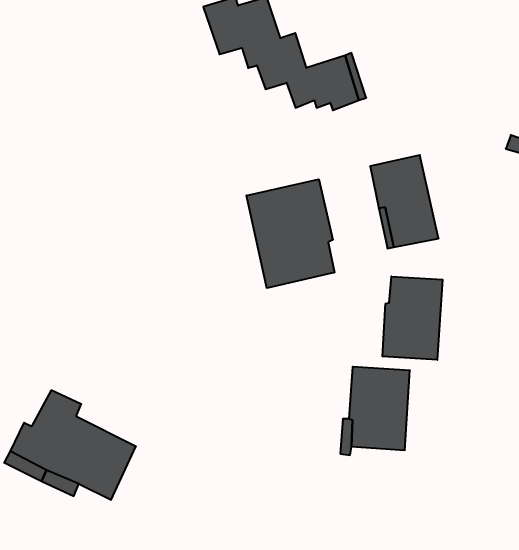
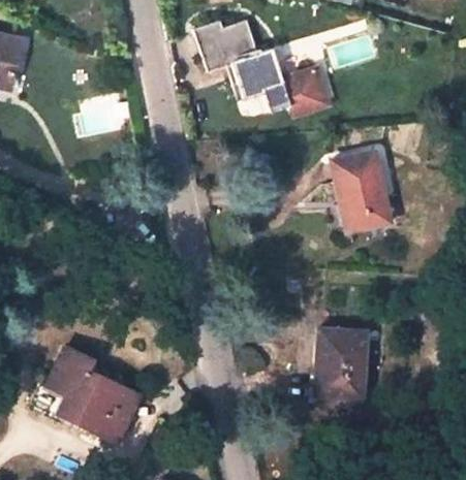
building: [246,179,334,288] -> none
building: [382,276,443,360] -> none

